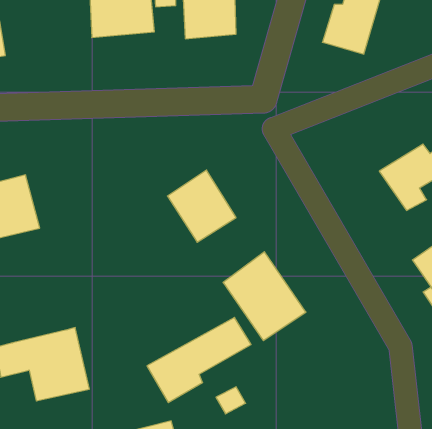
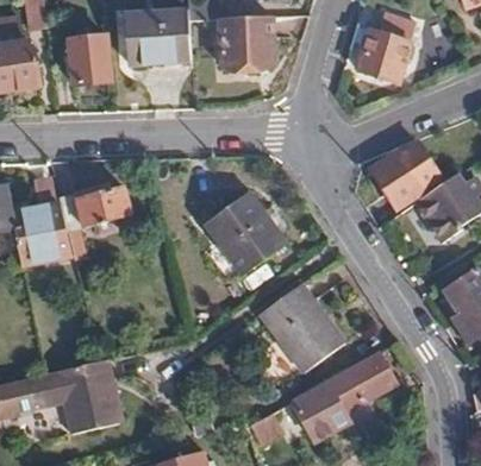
building: none -> [65,36,110,86]
building: none -> [370,140,442,207]
building: none -> [60,184,129,231]
building: [147,317,251,403] -> [293,355,398,441]

